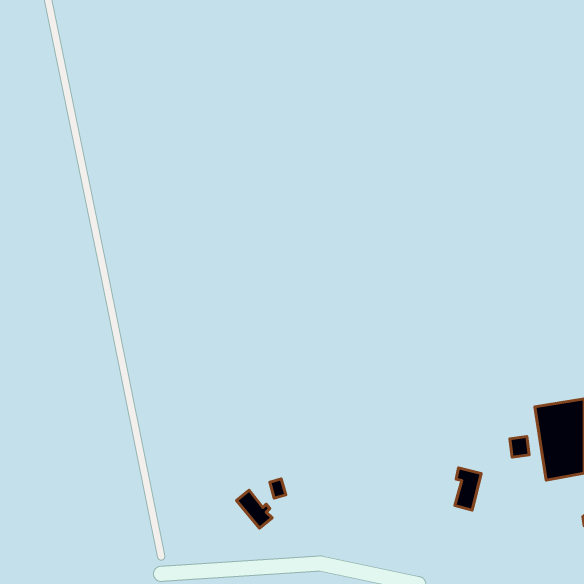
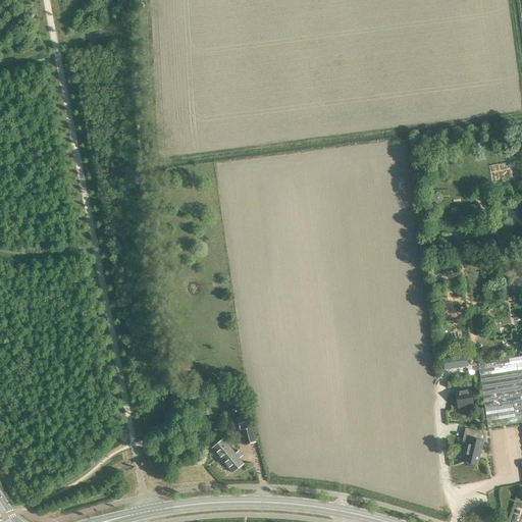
building: [455,468,481,510] -> [462,428,485,466]

